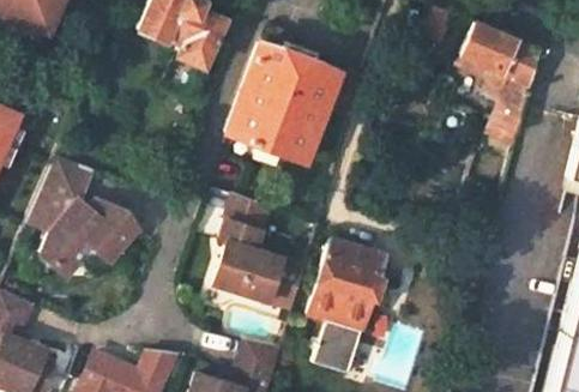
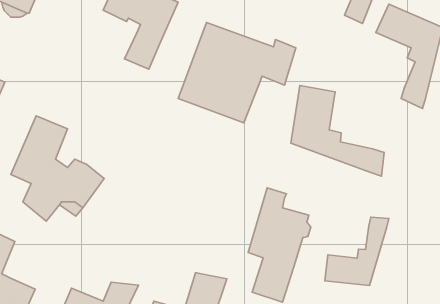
building: none -> [291,85,384,176]
building: [212,192,307,308] -> none
building: none -> [325,217,389,285]

